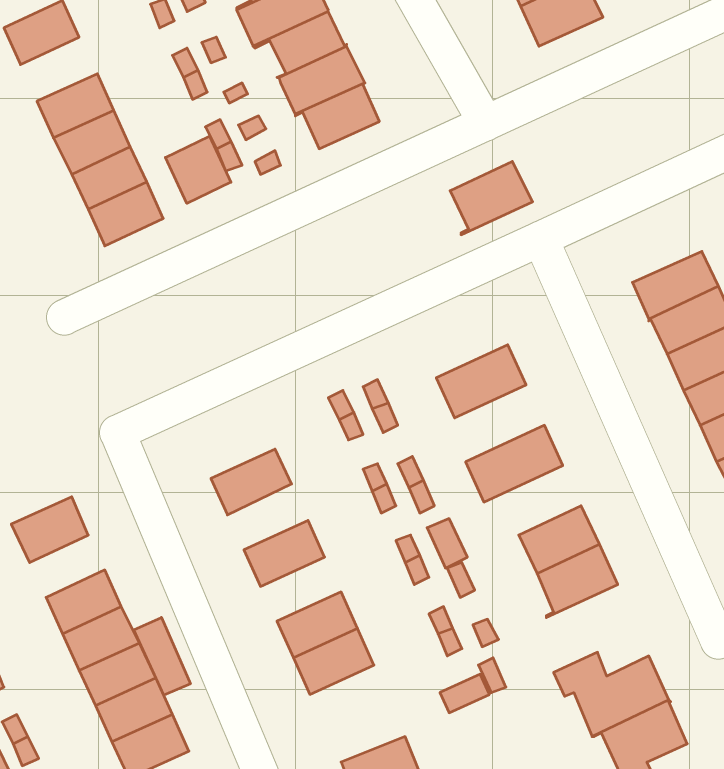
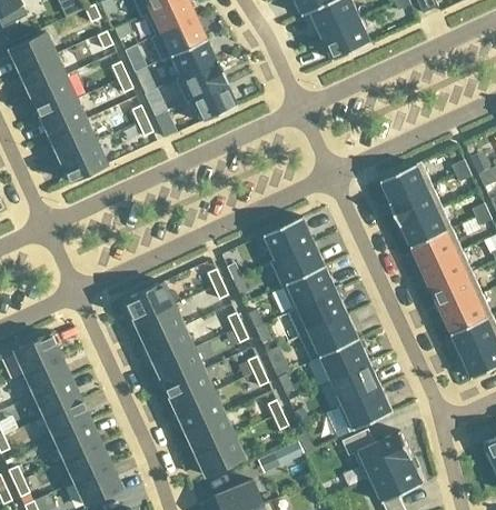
building: none -> [18,54,65,93]
building: [165,136,231,203] -> none
building: [450,161,533,235] -> [264,217,314,261]
building: none -> [380,161,431,203]
building: none -> [281,266,336,312]
building: none -> [122,281,172,322]
building: none -> [299,314,358,361]
building: none -> [143,326,192,366]
building: none -> [23,357,69,394]
building: none -> [163,370,212,409]
building: none -> [337,387,391,432]
building: [134,617,190,695] -> none
building: none -> [194,436,242,476]

